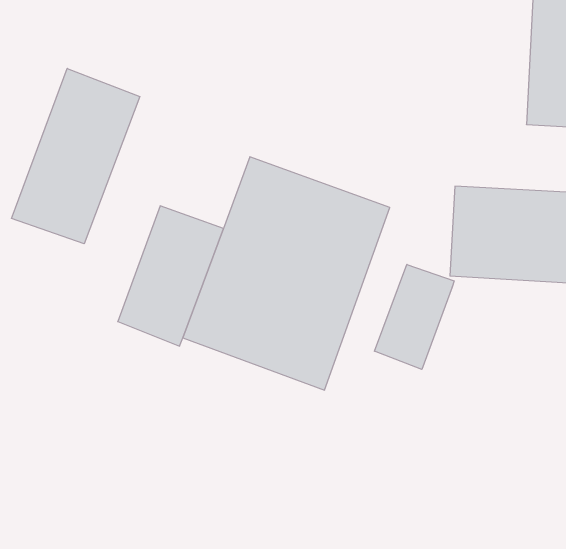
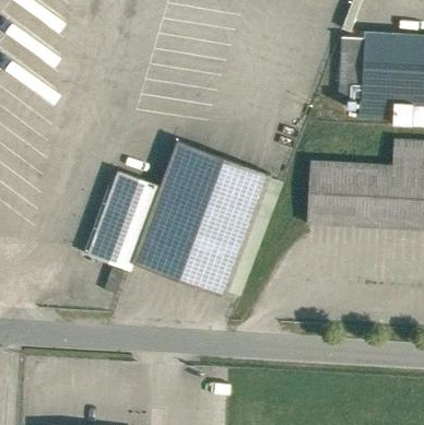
building: [12,68,140,244] -> none
building: [374,264,454,369] -> none

